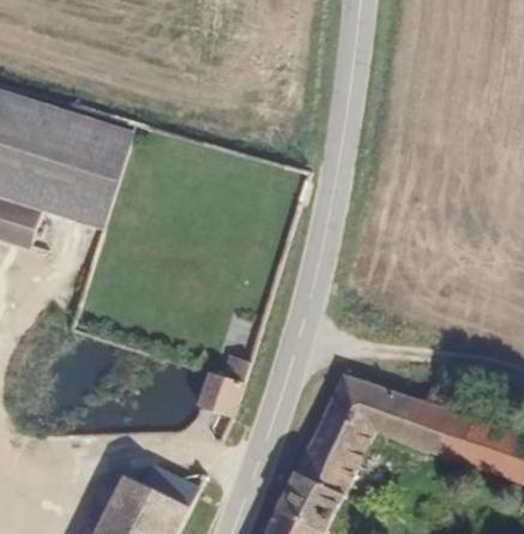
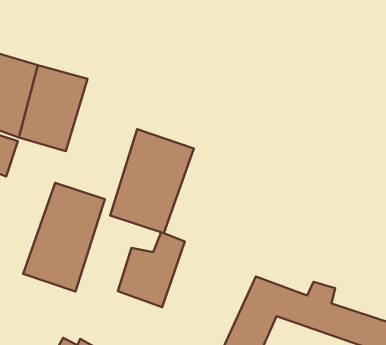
building: none -> [110,129,194,233]
building: none -> [23,183,105,292]

